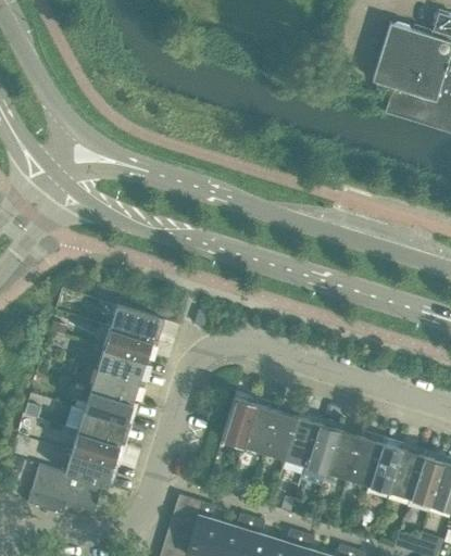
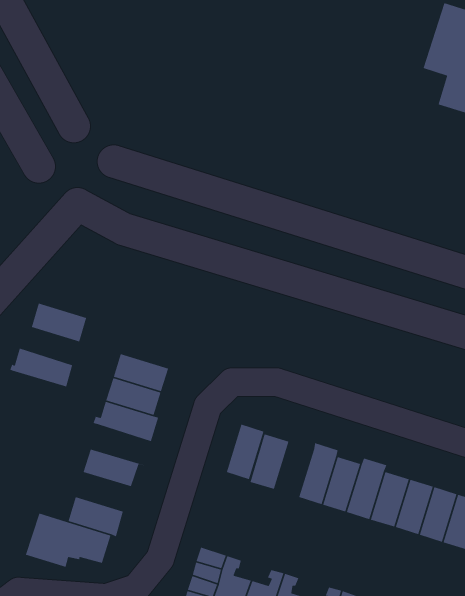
building: [110,306,159,341] -> [31,302,87,343]
building: [82,390,137,425] -> [9,347,73,387]
building: [243,404,277,453] -> [226,424,265,480]
building: [71,431,124,465] -> none

